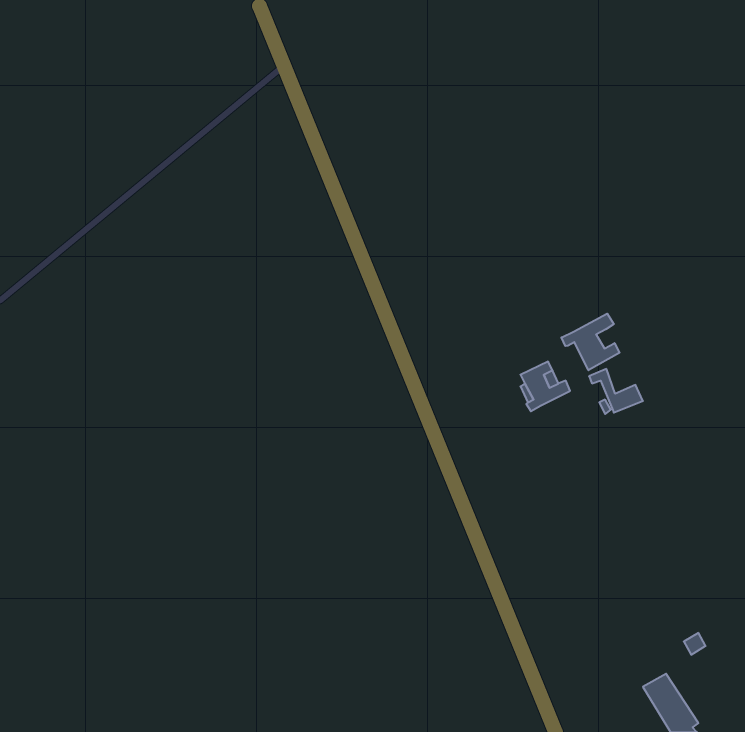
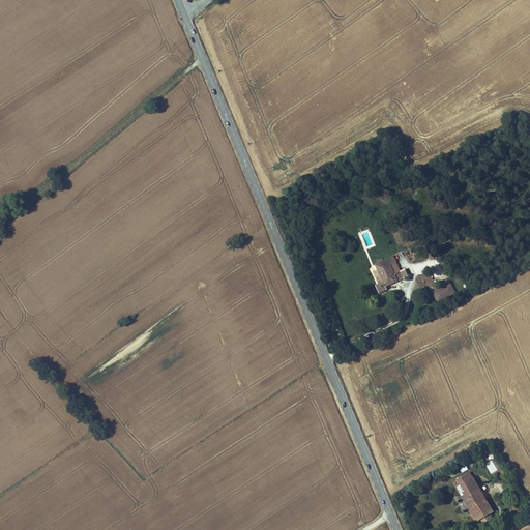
building: [561,314,620,370] -> none

